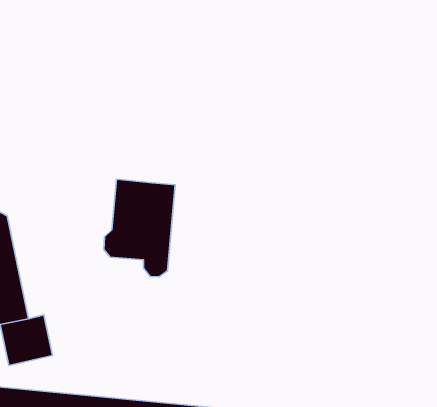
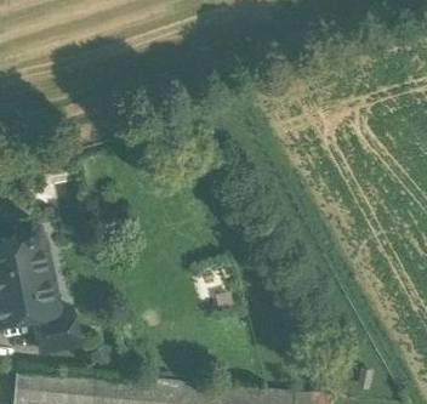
building: [104,179,175,277] -> none

